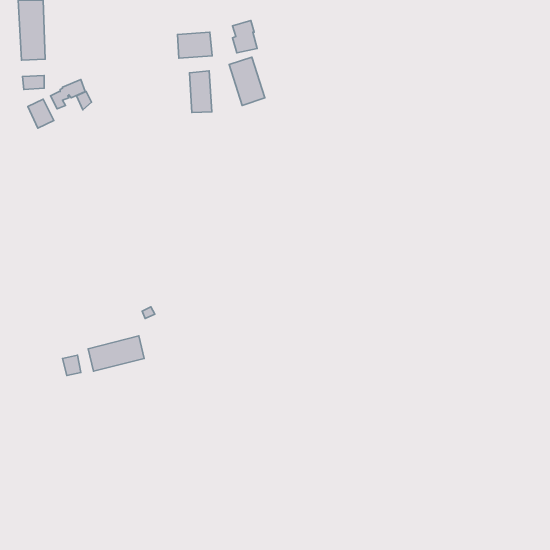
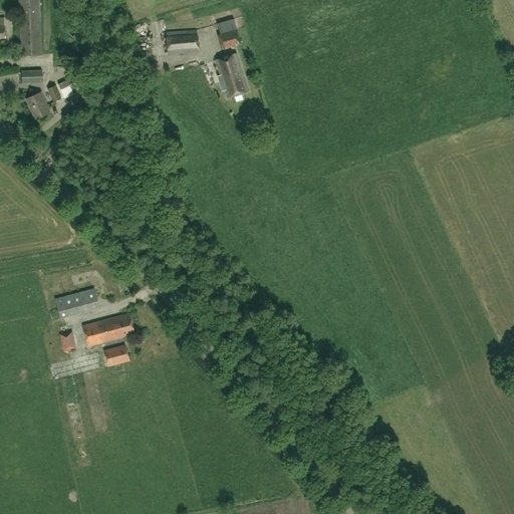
building: [189,71,212,113] -> none
building: none -> [55,288,98,318]
building: none -> [103,345,130,366]

